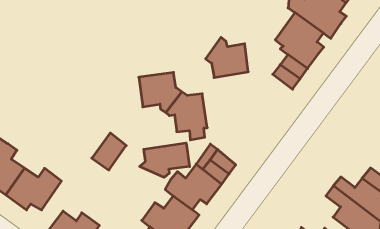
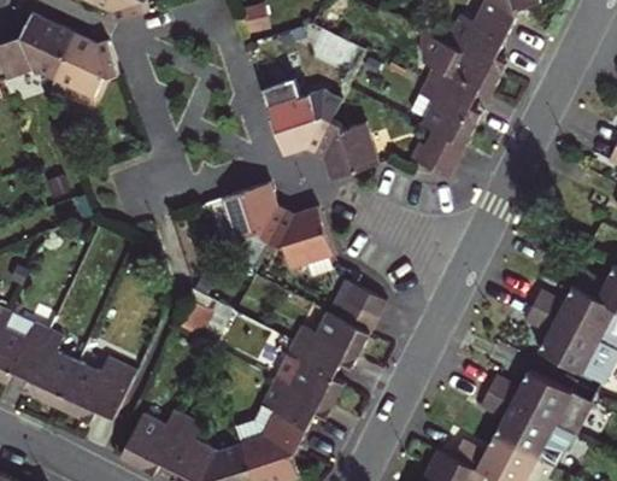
building: none -> [260,81,340,158]
building: [140,143,190,177] -> none

